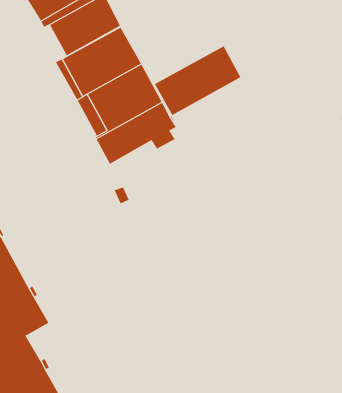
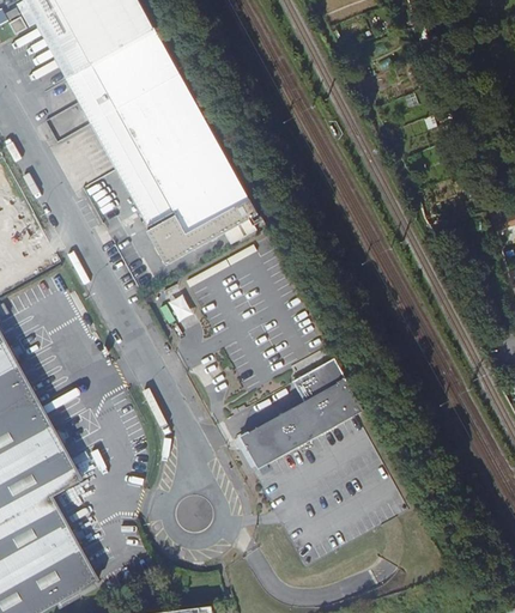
building: none -> [63,69,103,121]
building: [154,46,241,116] -> none
building: none -> [240,354,362,468]

